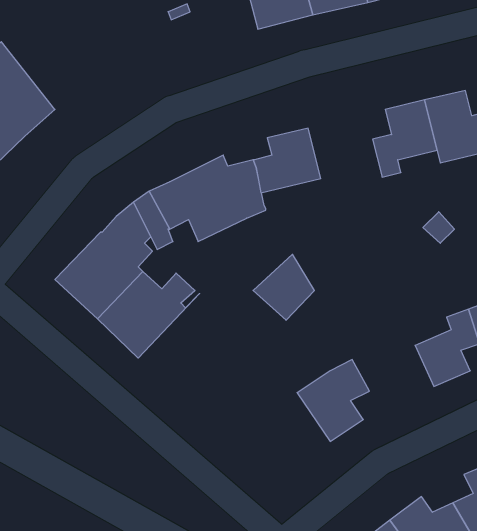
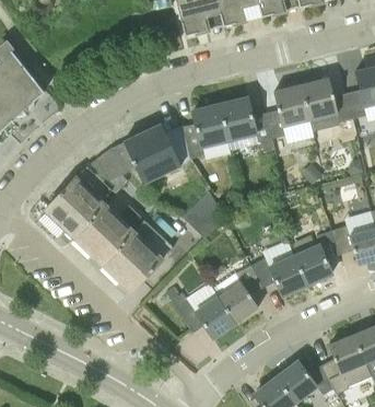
building: none -> [221,97,274,151]
building: none -> [103,219,174,291]
building: none -> [251,255,308,294]
building: none -> [167,282,236,337]

